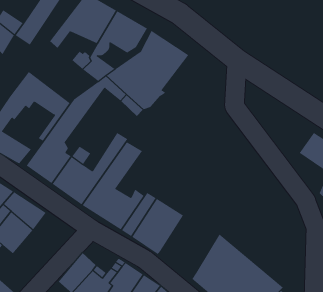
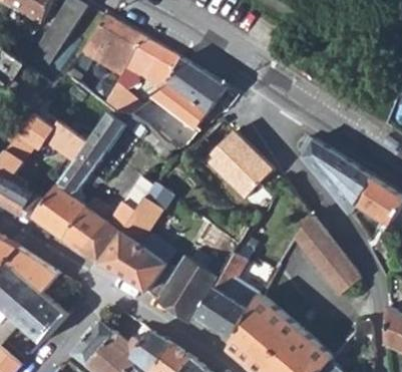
building: none -> [206,129,273,197]
building: none -> [298,140,370,211]
building: none -> [295,215,355,295]
building: none -> [191,253,260,341]
building: none -> [19,292,68,340]

